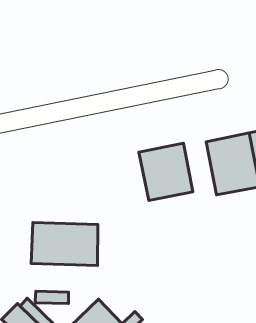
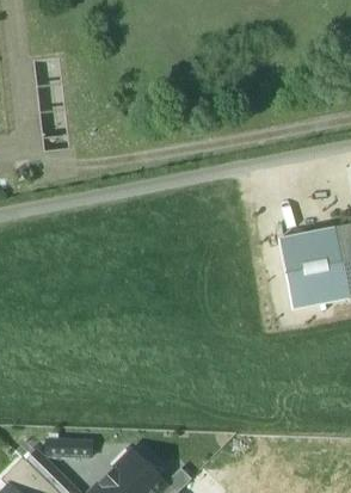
building: [139,143,193,200] -> none
building: [31,223,98,265] -> none

